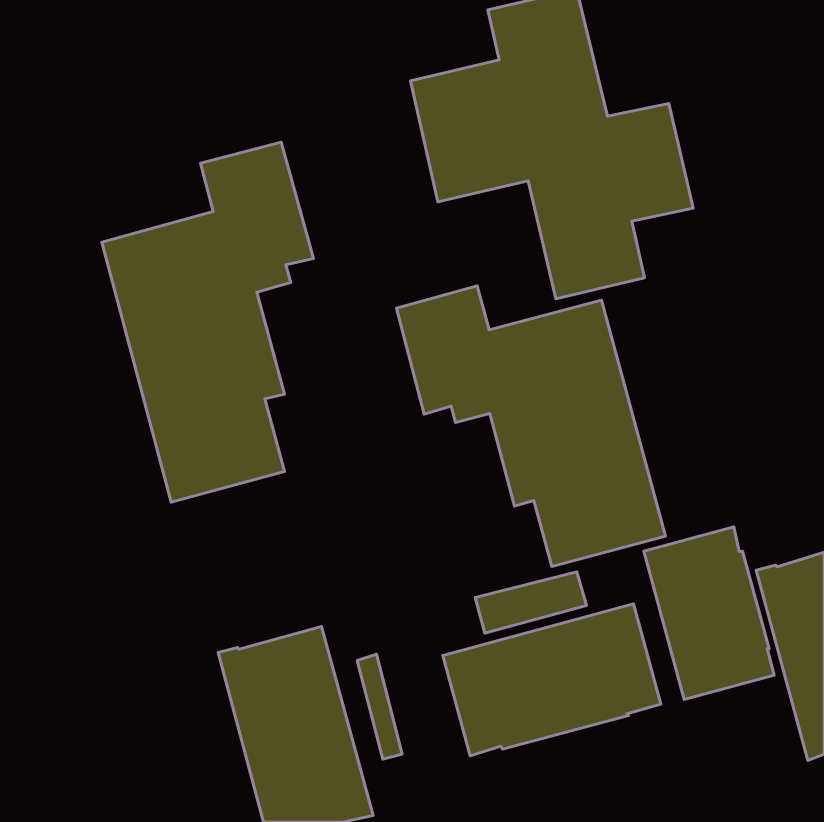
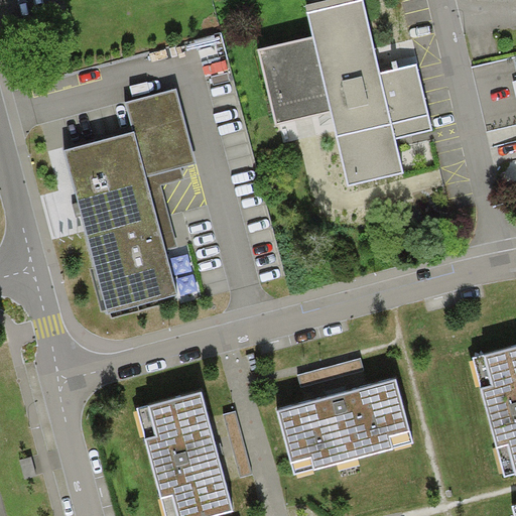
building: [396,286,666,567] -> none
building: [644,527,774,699] -> none

